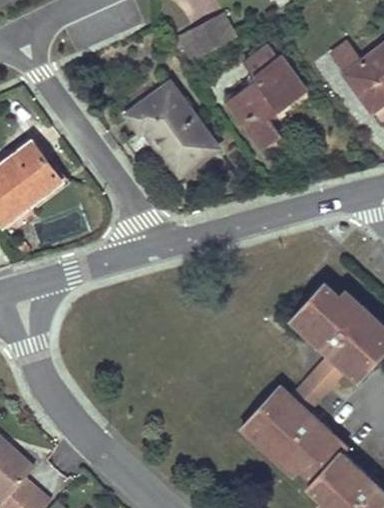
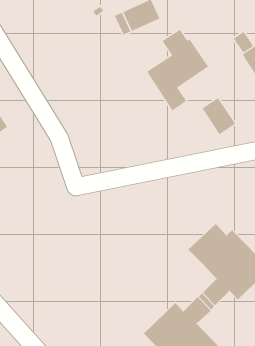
building: [124,83,216,177] -> none
building: none -> [201,97,236,135]

